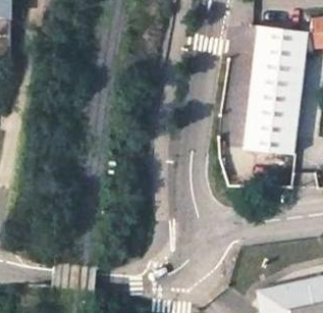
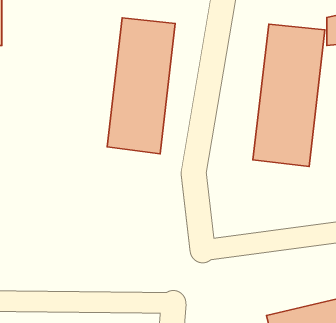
building: none -> [107,18,175,154]

